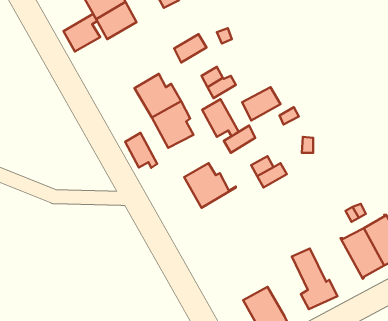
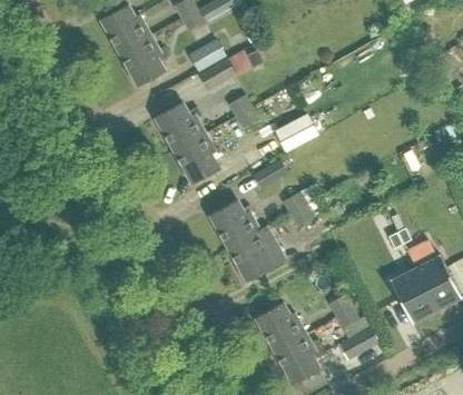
building: [64,14,100,51] -> [126,45,166,86]
building: none -> [187,38,226,71]
building: [202,99,238,137] -> none
building: [125,133,157,168] -> none
building: none -> [229,226,286,280]
building: none -> [256,302,302,349]

